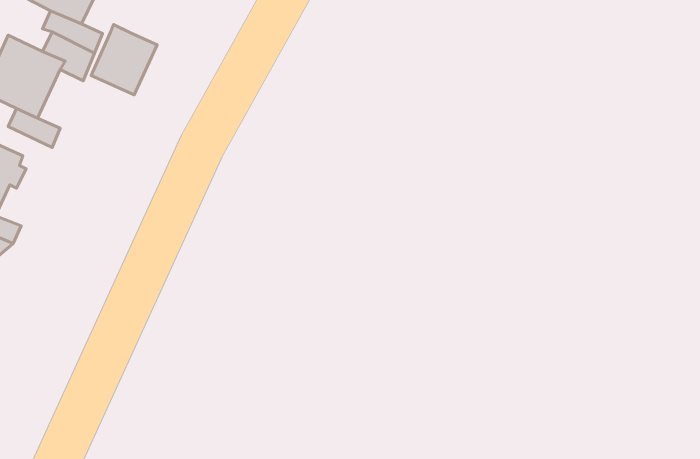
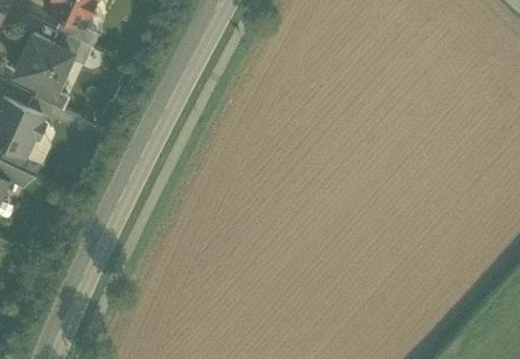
building: [91,24,157,95] -> none

